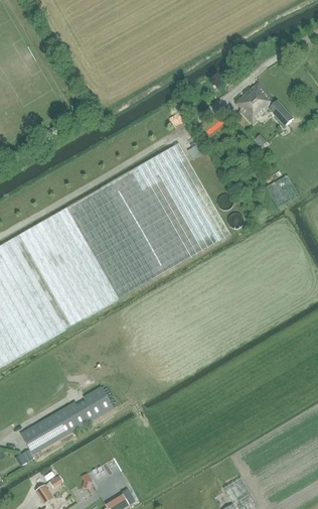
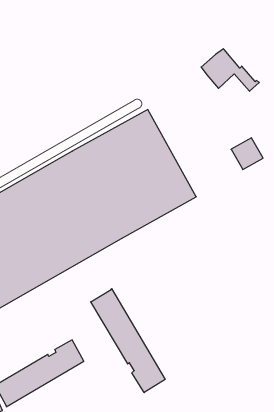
building: none -> [91,289,165,393]

